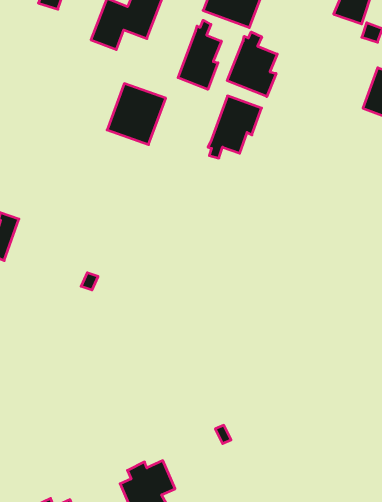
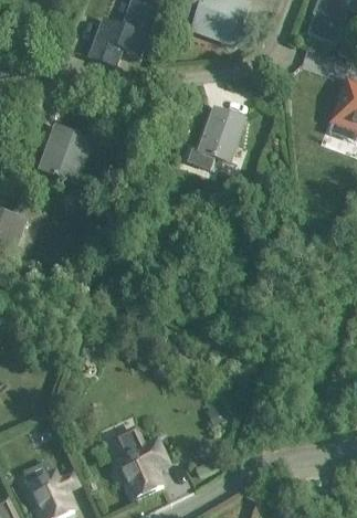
building: [178,20,221,89] -> none
building: [227,32,277,97] -> none
building: [107,84,166,145] -> [38,127,91,182]

